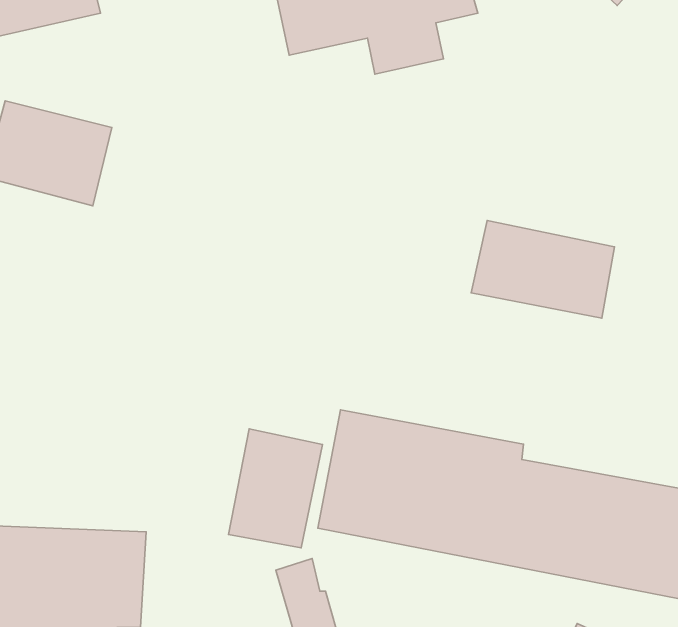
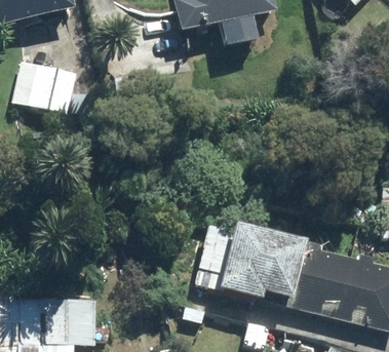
building: [471,221,615,318] -> none
building: [228,429,323,548] -> none

